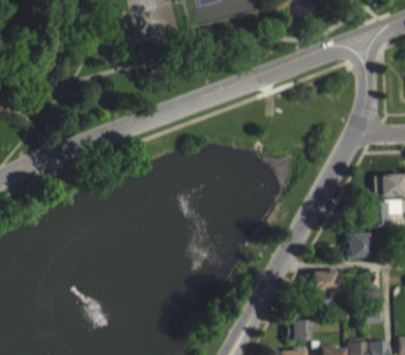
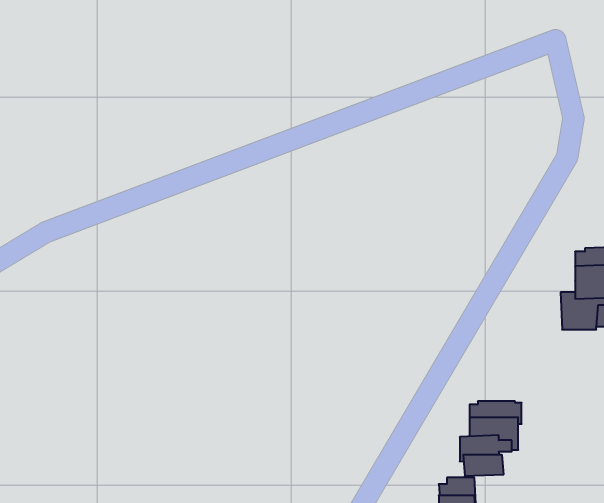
building: [350,232,371,258] -> none

